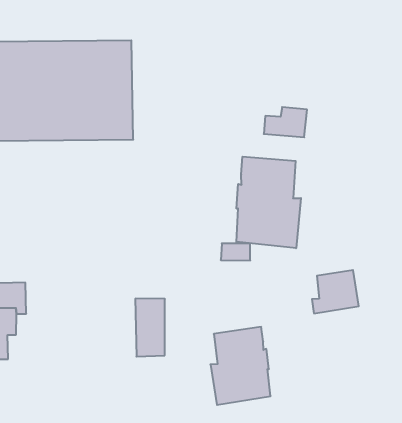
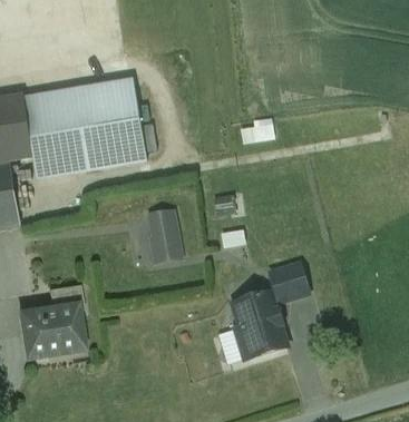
building: [236,157,301,248] -> none
building: [312,270,359,313] -> [271,263,309,302]
building: [135,299,165,357] -> [149,210,179,259]

